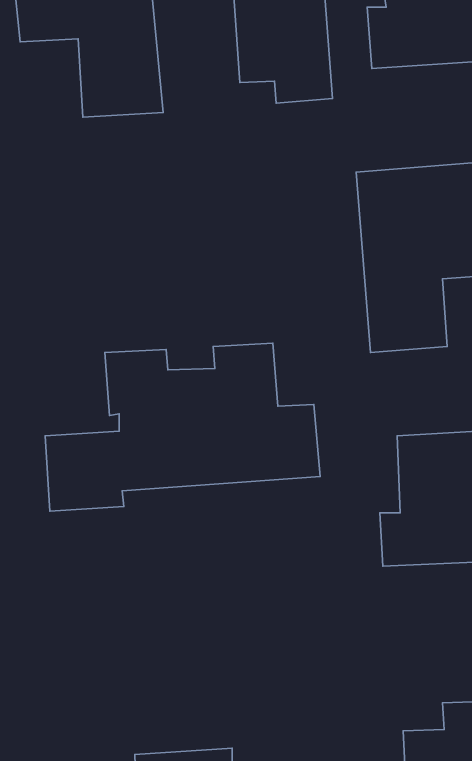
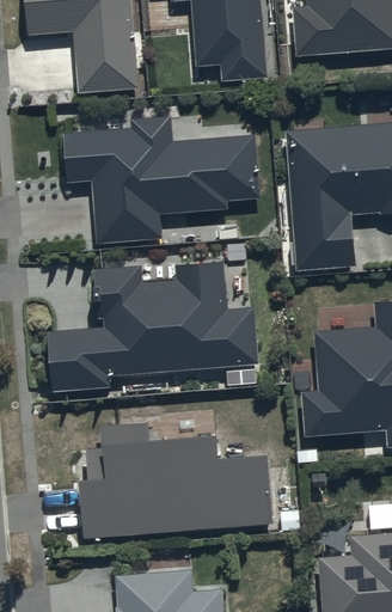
building: none -> [63,117,258,243]
building: none -> [80,424,271,538]

